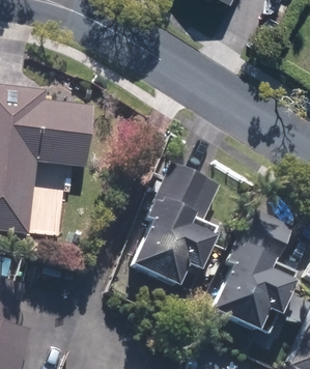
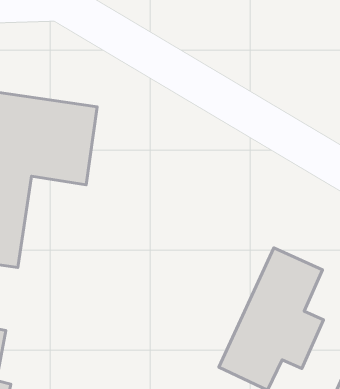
building: [125,165,220,300] -> none

